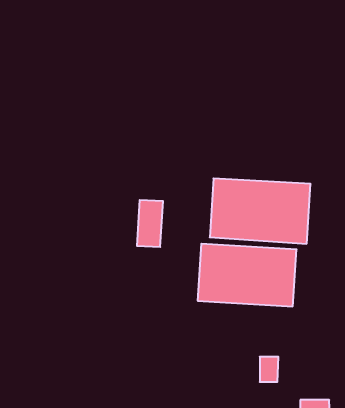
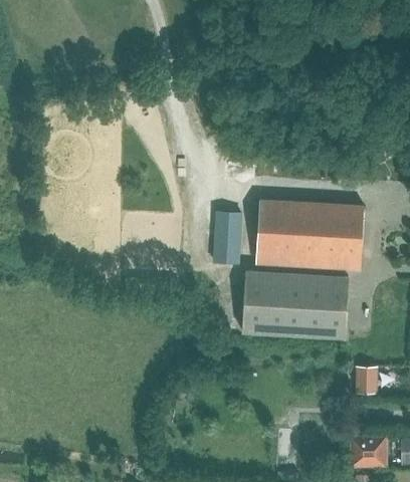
building: [137,200,163,247] -> [214,212,242,262]
building: [260,357,278,382] -> [356,367,376,394]

